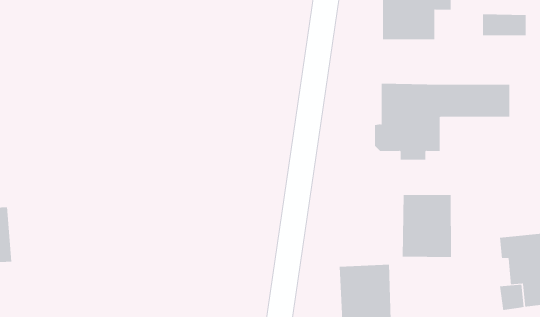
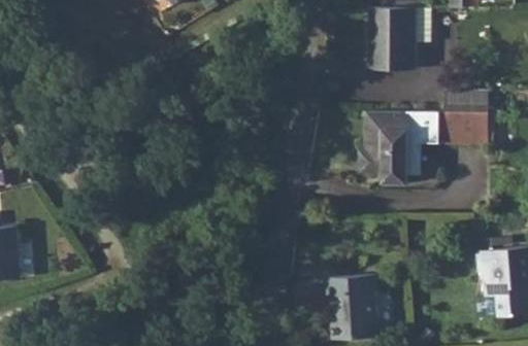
building: [482,14,526,36] -> [447,89,488,109]
building: [402,194,451,258] -> none

